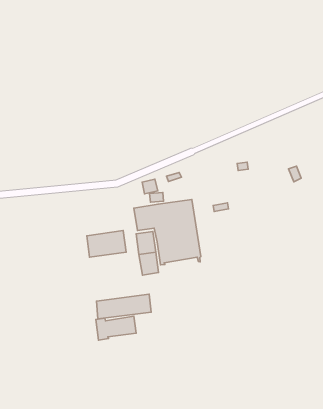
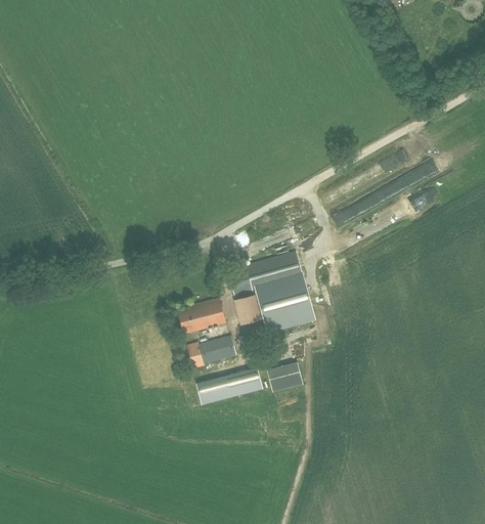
building: none -> [268,362,305,390]
building: [96,316,136,340] -> [188,335,237,367]

